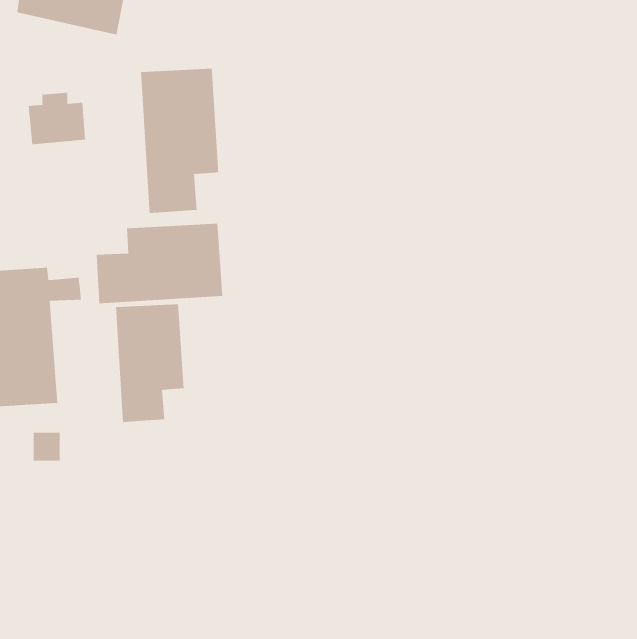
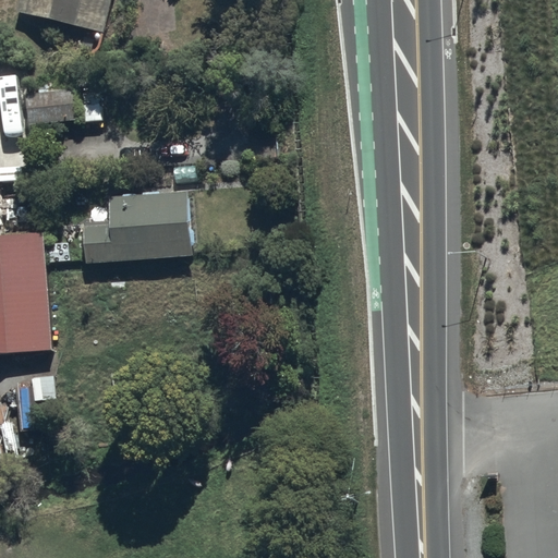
building: [141,68,219,214] -> none
building: [116,303,184,423] -> none

